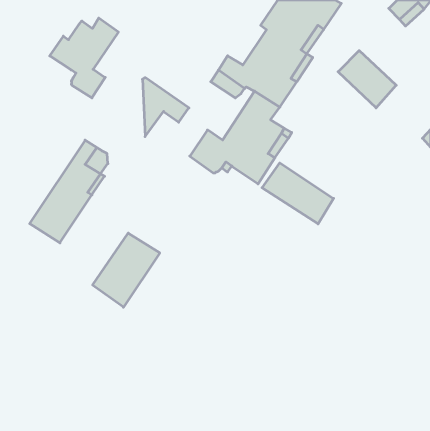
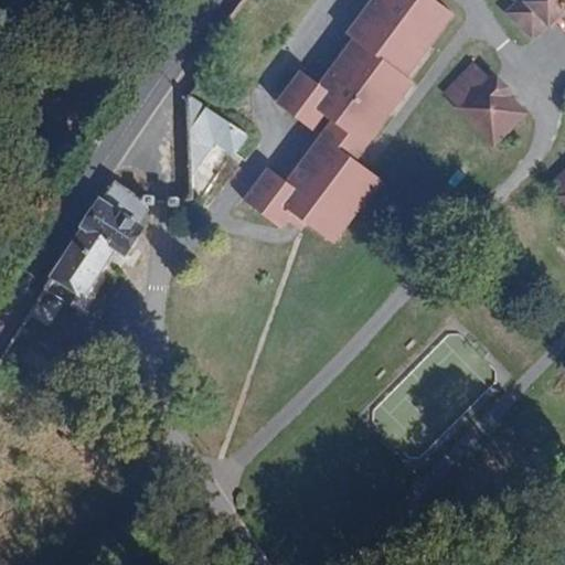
building: [50,18,118,98] -> none
building: [262,163,334,224] -> none
building: [93,233,160,307] -> none

